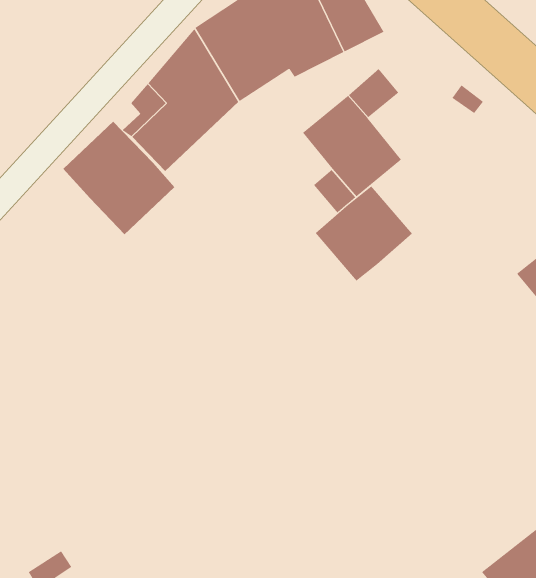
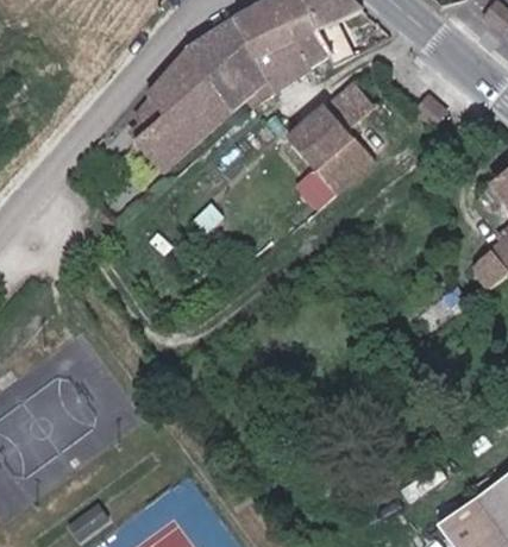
building: [62,121,175,235] -> none
building: [315,185,413,281] -> none

